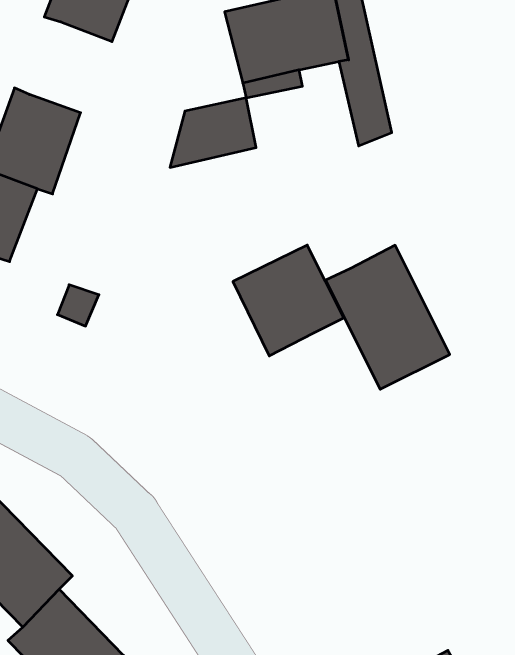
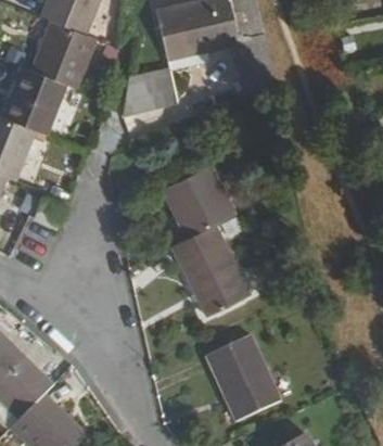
building: none -> [28,20,93,84]
building: [326,245,450,389] -> [169,224,251,318]
building: none -> [206,334,280,420]

